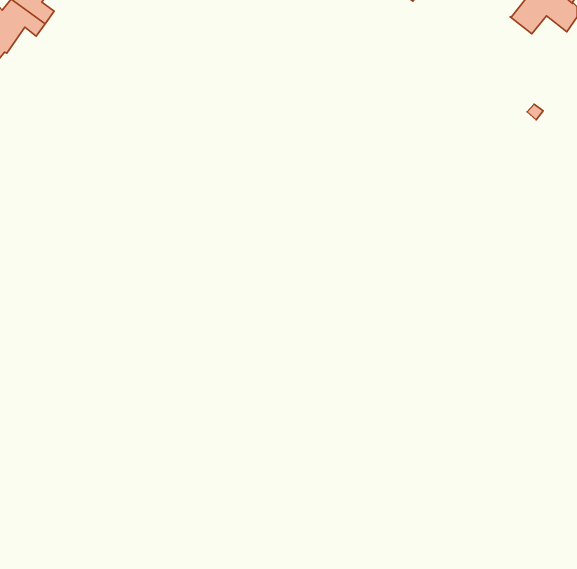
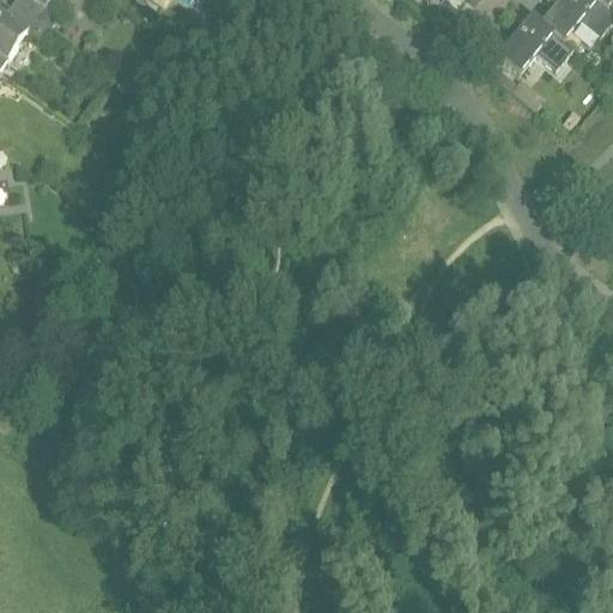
building: none -> [496,8,572,68]

